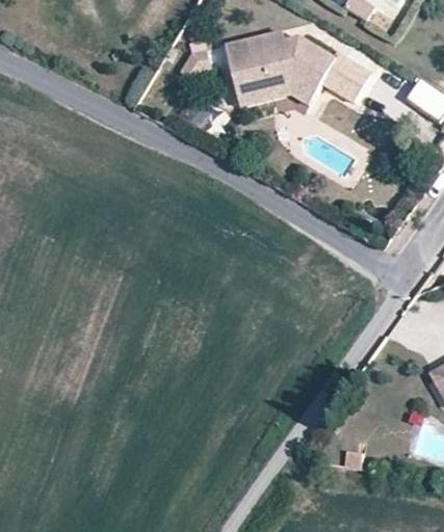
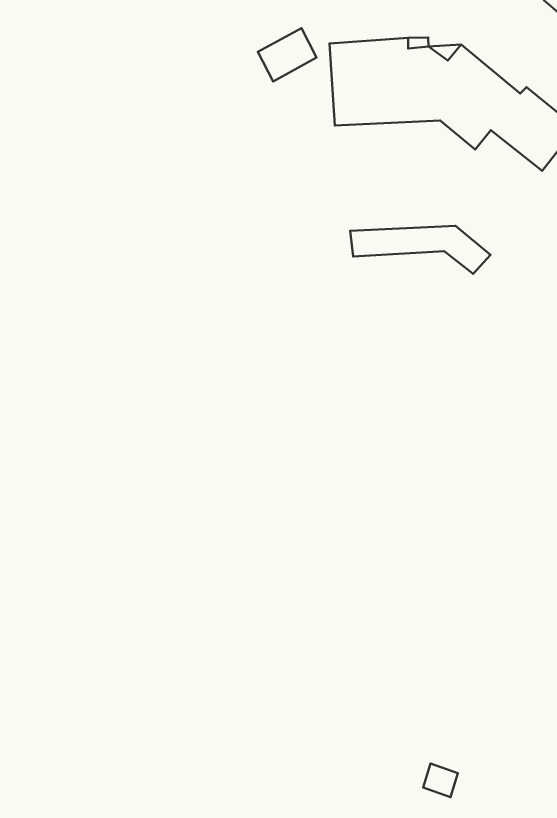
building: [233,80,316,107] -> [350,226,491,274]

